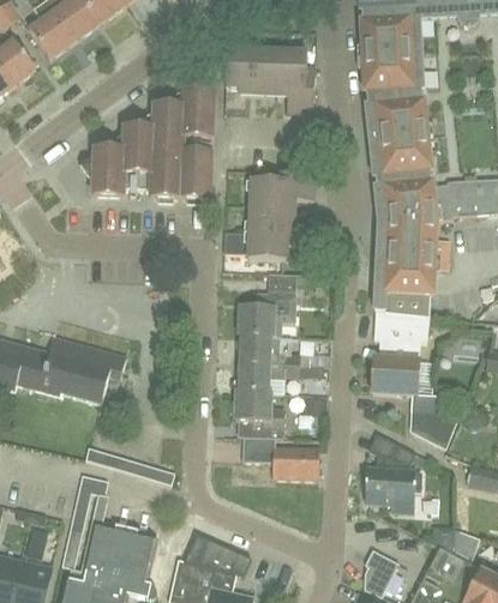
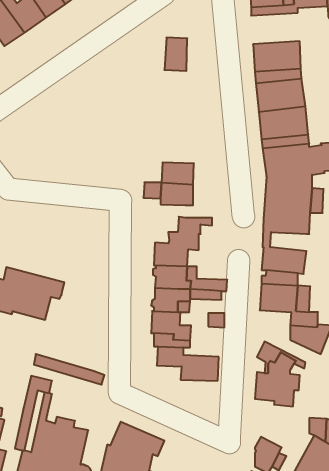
building: [360,17,421,56] -> none
building: [224,47,253,89] -> none
building: [278,49,314,114] -> none
building: [86,88,214,199] -> none
building: [248,170,313,206] -> none
building: [384,293,430,316] -> none

